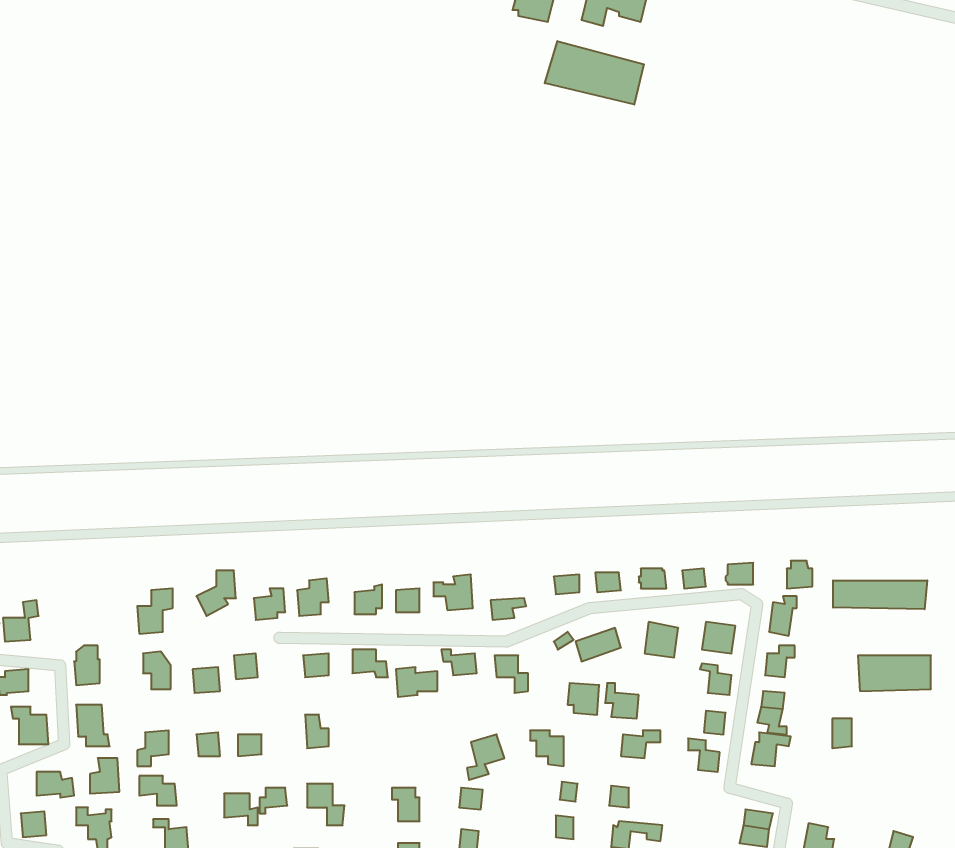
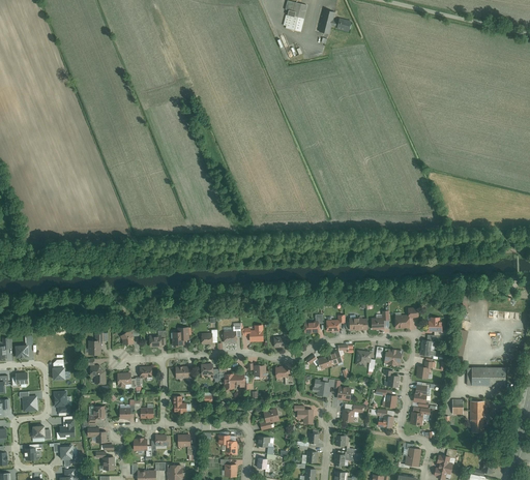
building: [545,41,644,105] -> none
building: [833,580,927,609] -> none
building: none -> [470,400,485,431]

